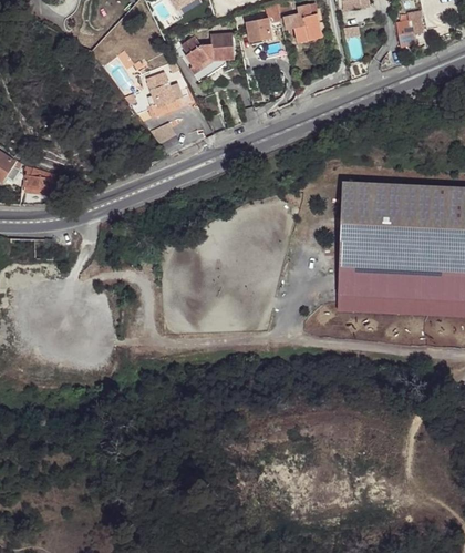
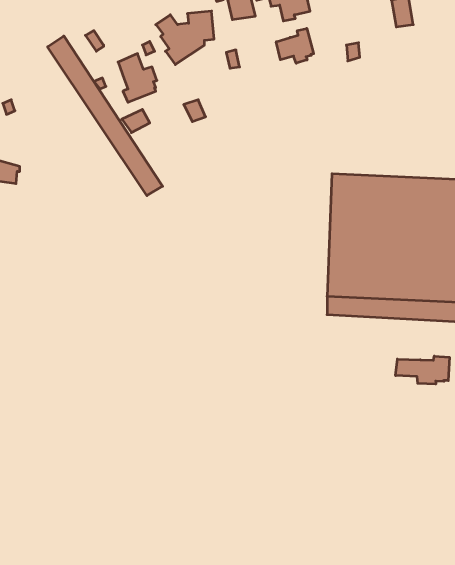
building: none -> [276,28,314,63]
building: none -> [48,36,163,196]
building: none -> [396,356,449,384]

